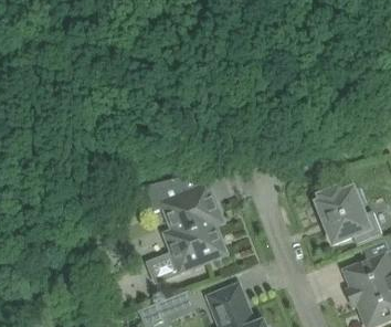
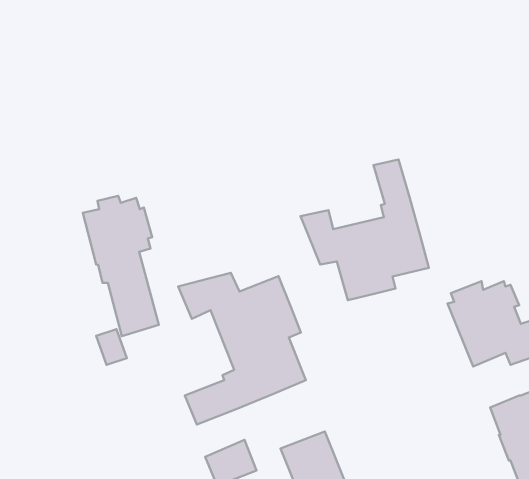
building: none -> [301,159,429,300]
building: none -> [83,196,159,336]

